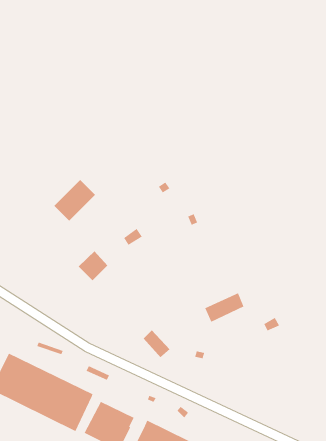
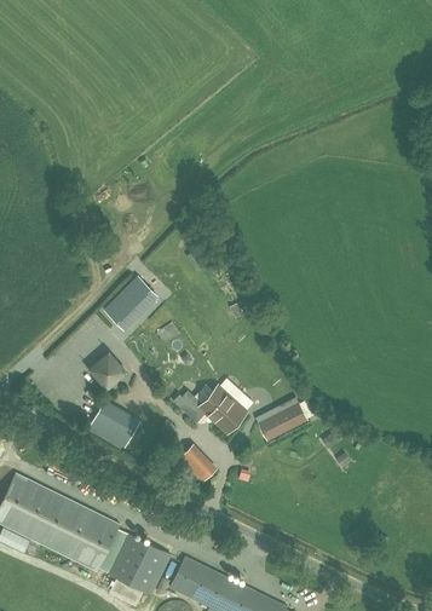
building: [53,179,96,222] -> [105,277,157,329]
building: none -> [173,386,247,433]
building: none -> [90,400,139,448]

